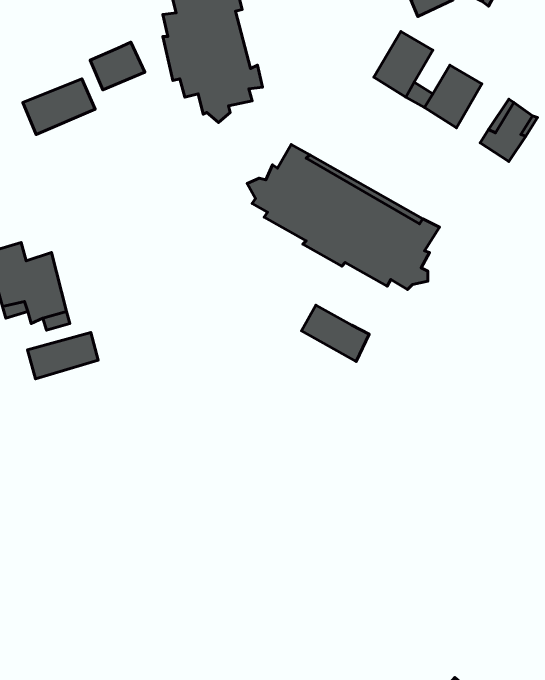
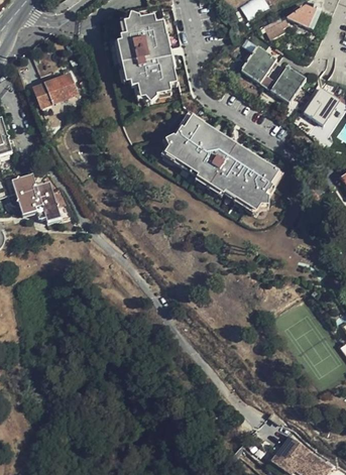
building: [90,42,145,90] -> none
building: [301,305,369,362] -> none
building: [27,332,98,379] -> none

